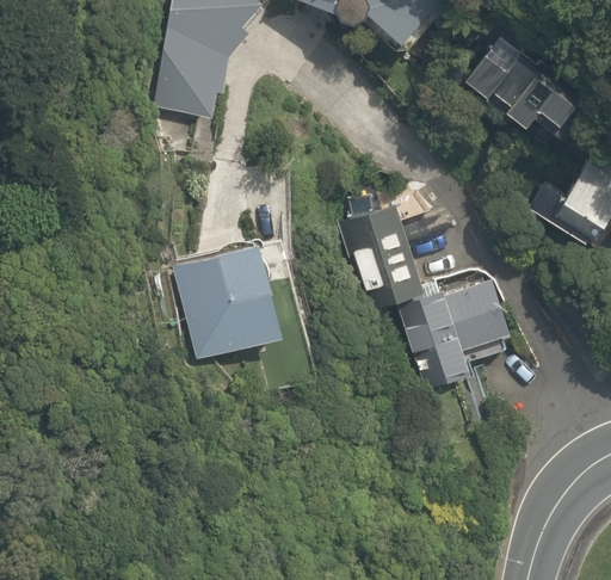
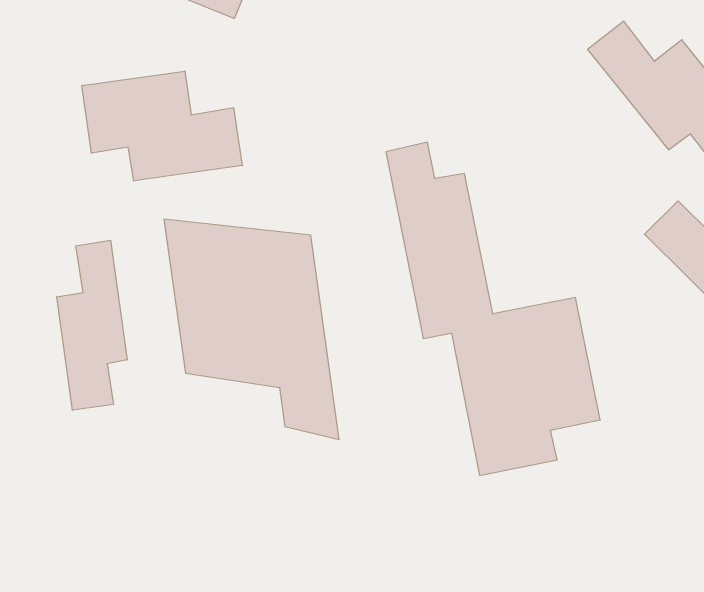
building: none -> [82,71,242,181]
building: none -> [57,240,127,410]

